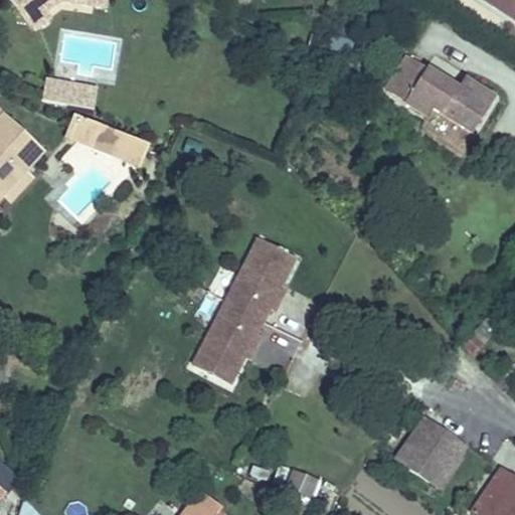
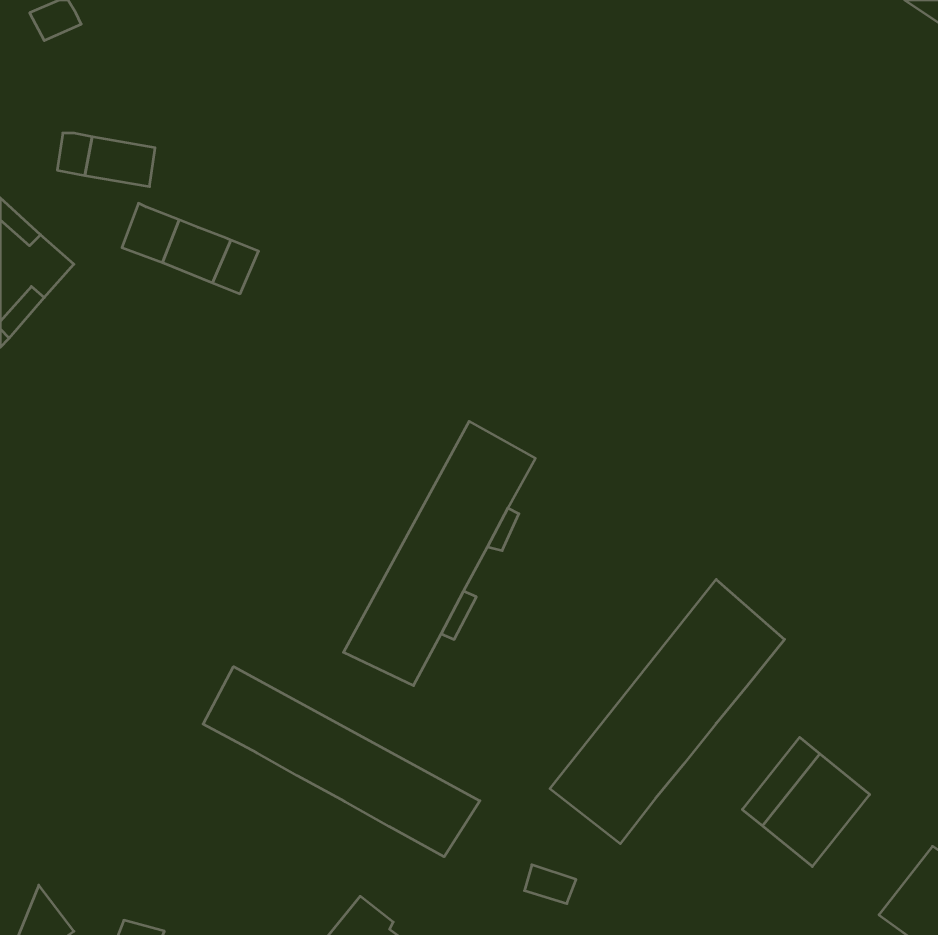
building: [384,52,493,134] -> none
building: none -> [550,579,785,844]
building: none -> [203,667,480,857]

